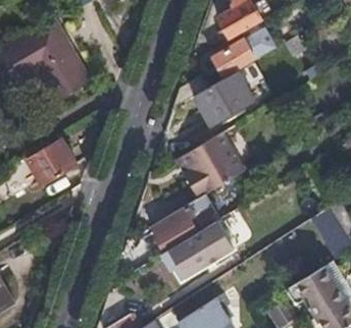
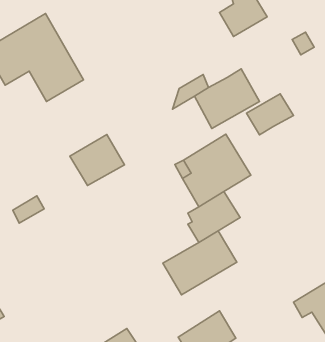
building: [211,40,255,78] -> [247,94,293,135]
building: [26,138,77,185] -> [70,135,124,186]
building: [151,206,197,253] -> none

